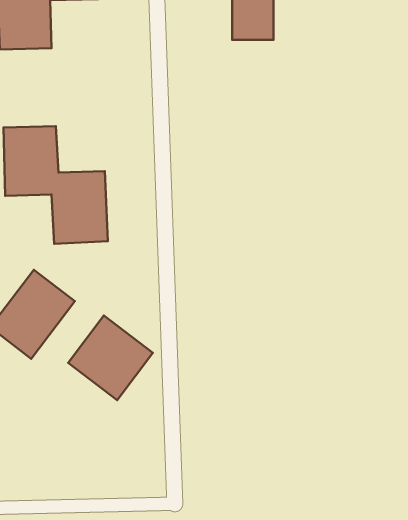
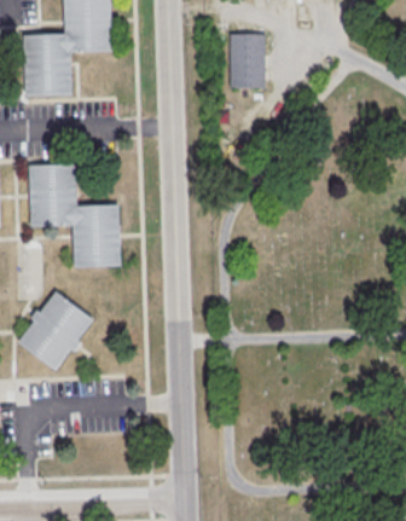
building: [68,316,153,400] -> none

